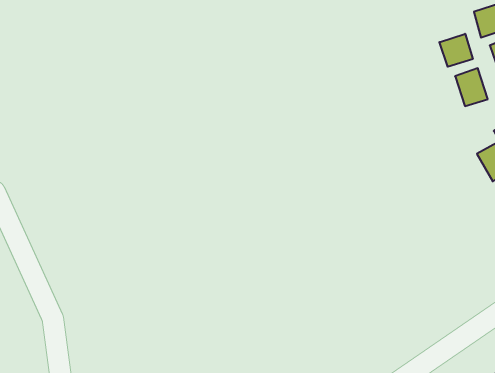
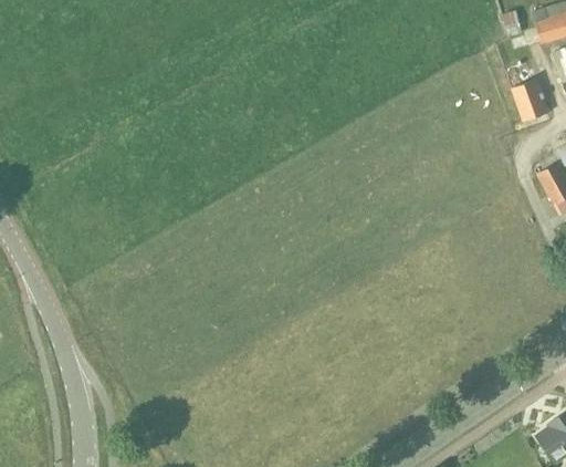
building: [439,34,473,67] -> none

